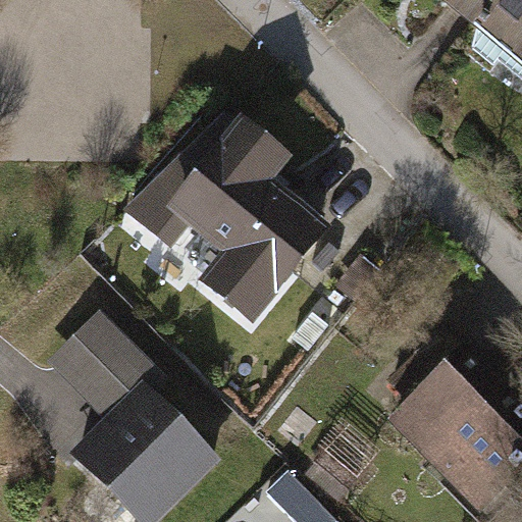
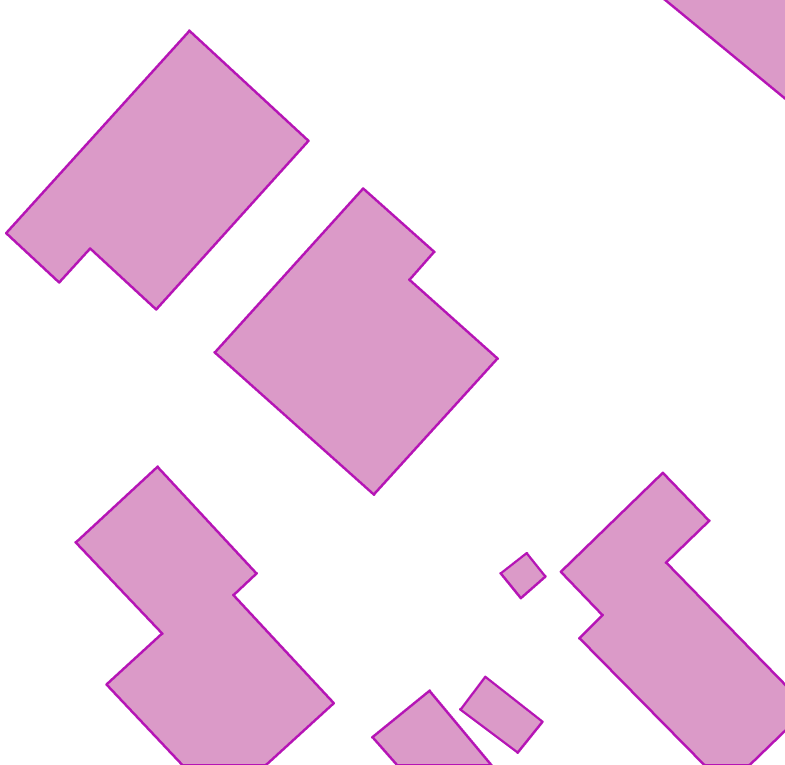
building: none -> [6,31,308,309]

